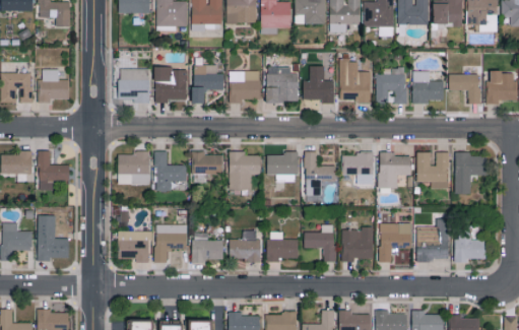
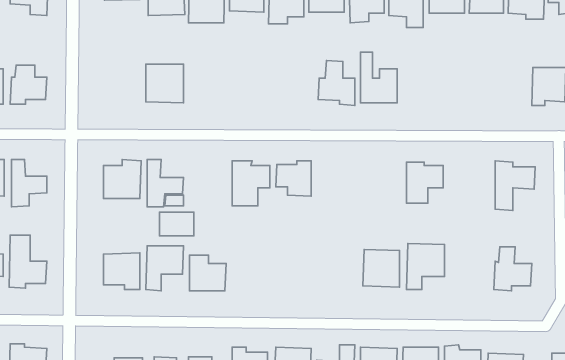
building: [192,65,223,104] -> none
building: [266,66,299,102] -> none
building: [376,67,406,104] -> none
building: [119,68,149,103] -> none
building: [229,70,260,103] -> none
building: [412,71,444,102] -> none
building: [449,73,480,104] -> none
building: [305,151,335,195] -> none
building: [416,151,448,189] -> none
building: [192,153,221,174] -> [160,212,194,236]
building: [341,153,374,184] -> none
building: [416,219,449,262] -> none
building: [304,224,334,261] -> none
building: [229,229,261,261] -> none
building: [267,230,298,261] -> none

